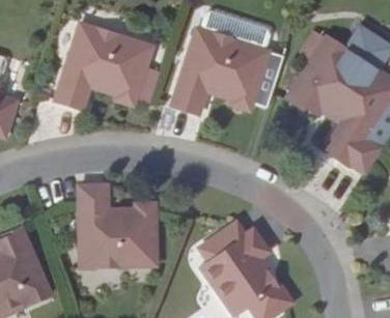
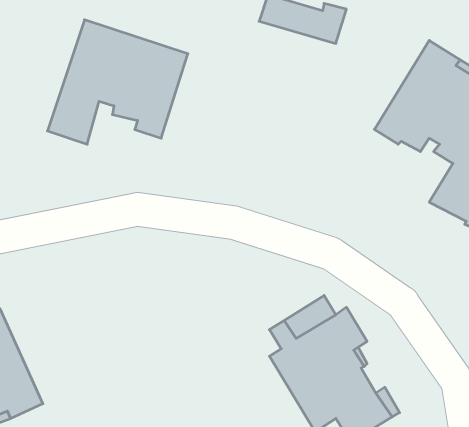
building: [172,29,271,115] -> none
building: [79,185,156,267] -> none

